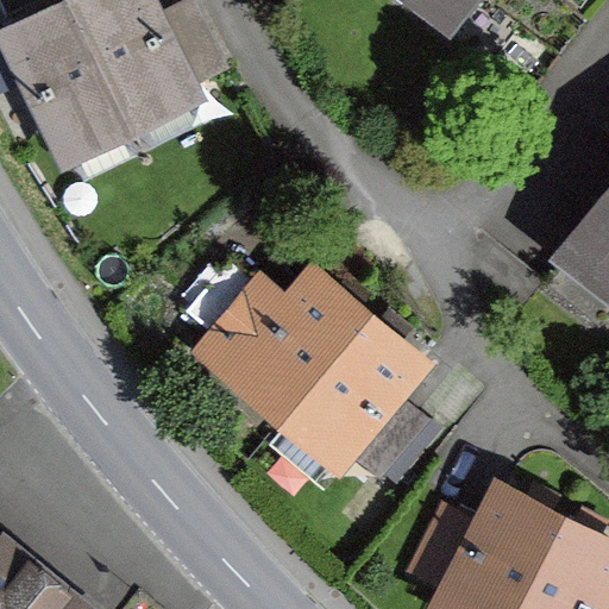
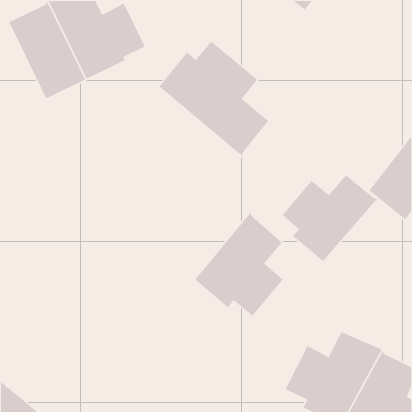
building: none -> [158,41,269,157]
building: [187,256,370,413] -> none
building: none -> [282,174,378,262]

